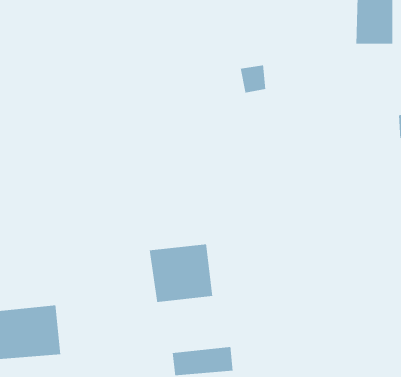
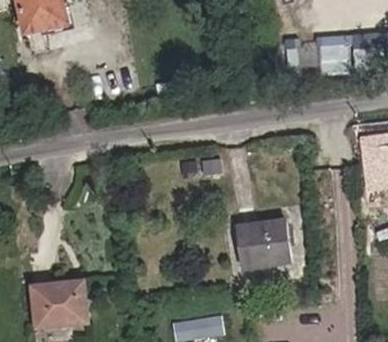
building: [149,244,213,303] -> [240,229,292,277]

